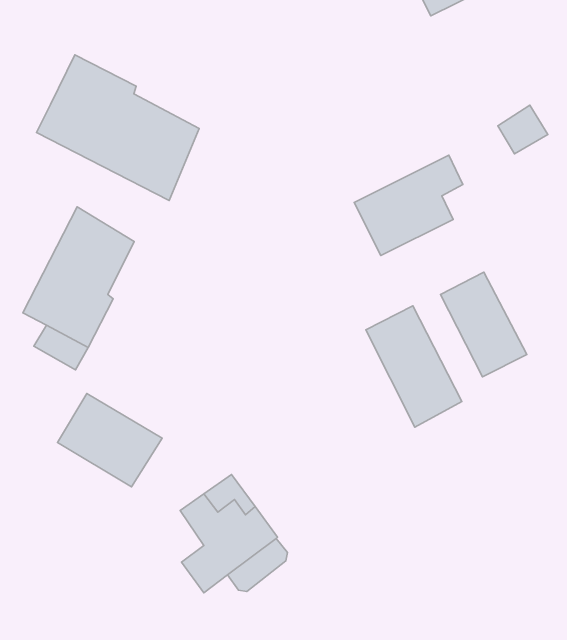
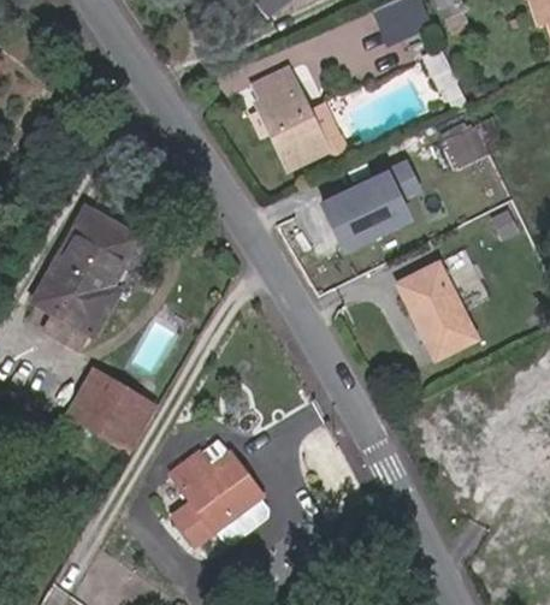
building: none -> [253,67,325,167]
building: [37,55,199,200] -> none
building: [366,306,462,427] -> none

